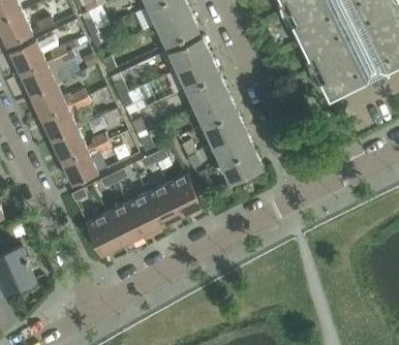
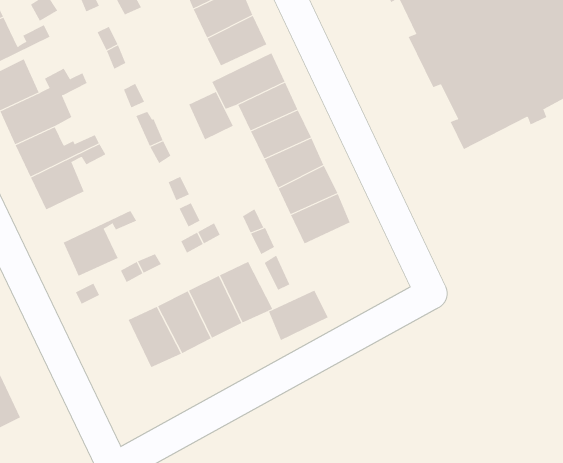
building: none -> [189,91,233,140]
building: [50,129,106,163] -> none
building: [222,150,263,184] -> [268,290,329,341]
building: [84,215,120,257] -> none

